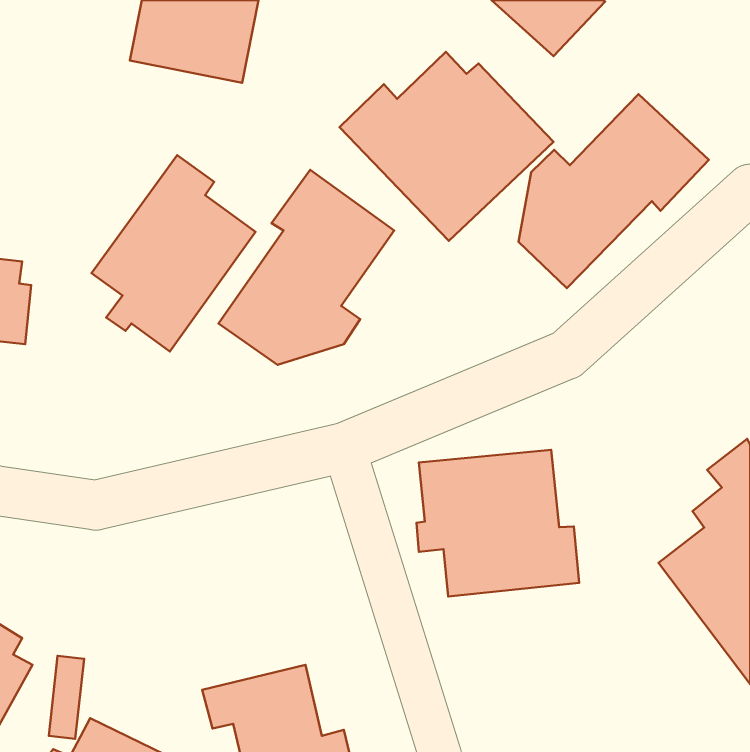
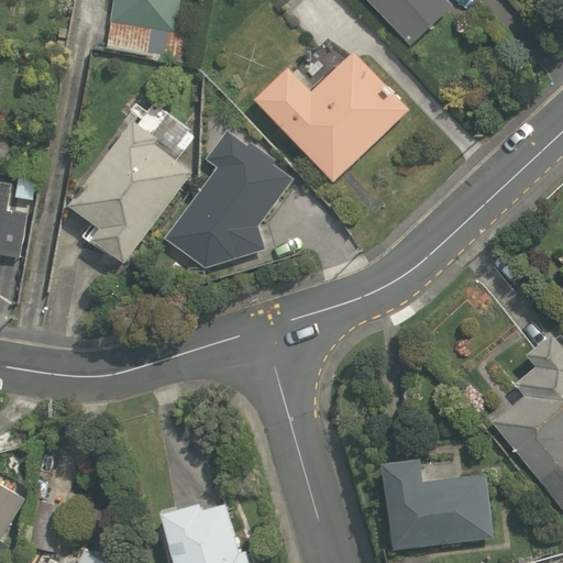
building: [518,94,709,288] -> none
building: [416,450,579,596] -> none
building: none -> [384,467,490,549]

